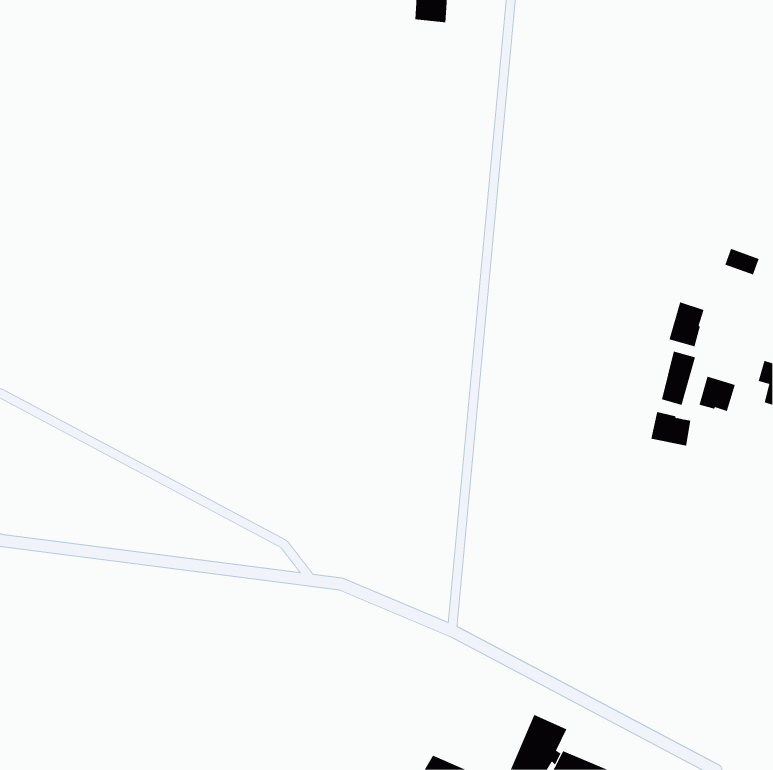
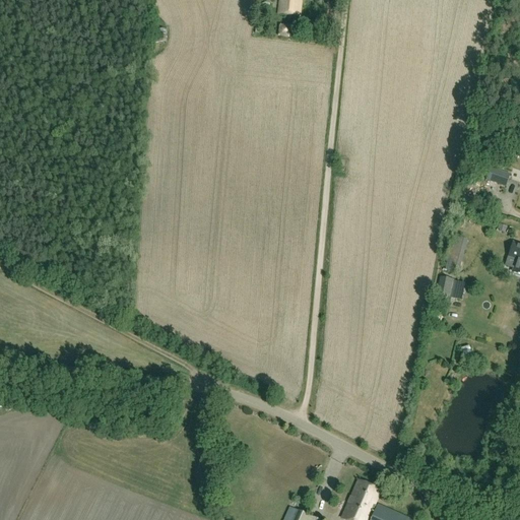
building: [669,301,704,347] -> none
building: [699,376,736,412] -> none

